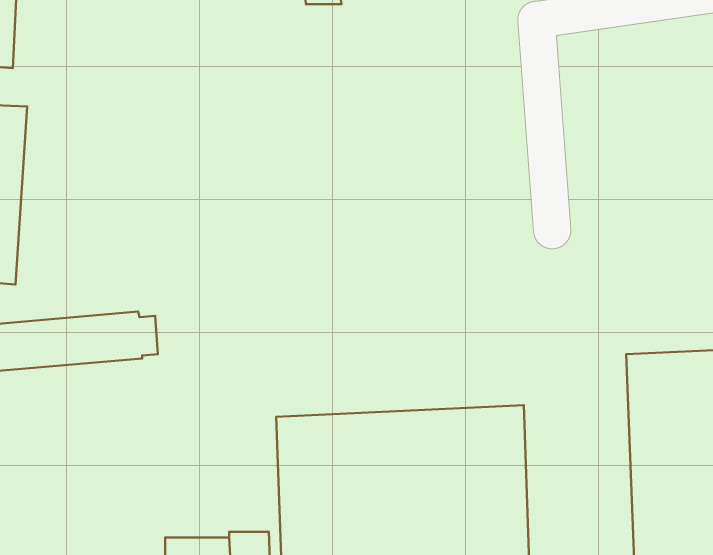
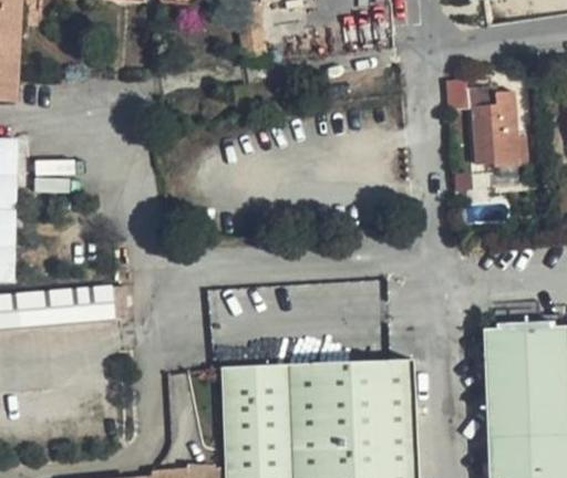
building: none -> [445,80,527,168]

